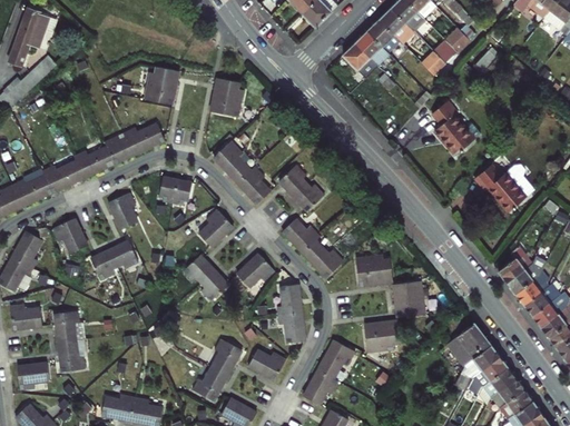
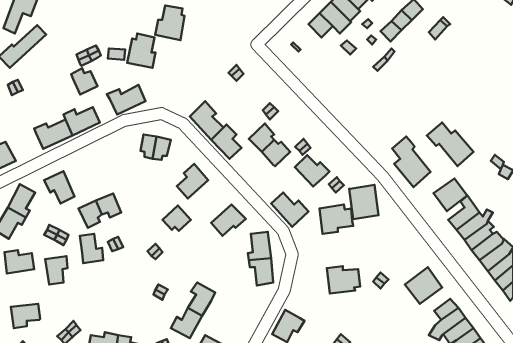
building: [209,79,242,117] -> [155,6,185,40]
building: [431,99,473,155] -> [392,136,431,187]
building: [104,135,132,164] -> [71,68,97,94]
building: [10,176,51,206] -> none
building: [107,192,137,229] -> none
building: [282,218,320,252] -> [295,155,329,187]
building: none -> [433,178,467,211]
building: [199,270,227,301] -> none
building: [392,280,424,318] -> [349,185,379,219]
building: [58,339,83,371] -> [80,234,103,263]
building: [317,340,354,378] -> none
building: [453,345,499,389] -> none
building: [247,348,285,379] -> none

